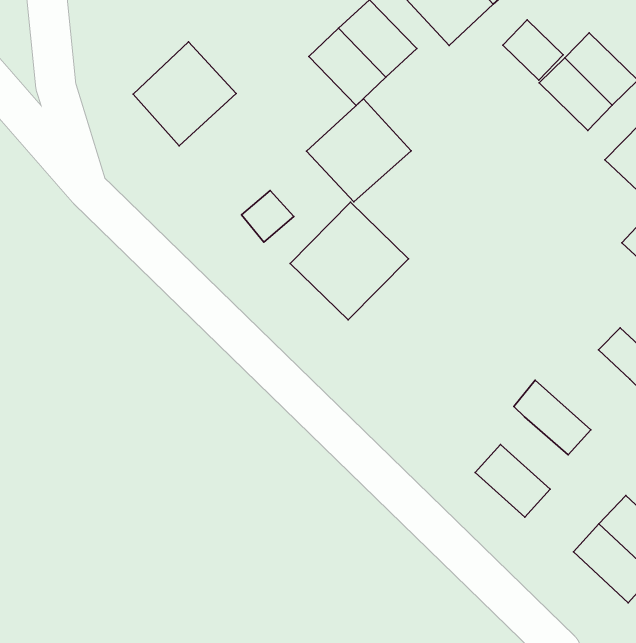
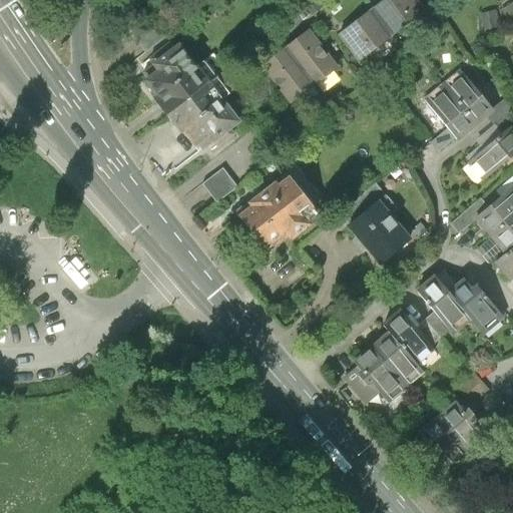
building: [503,20,563,80] -> none
building: [307,99,411,202] -> [166,83,240,155]
building: none -> [349,199,412,264]
building: none -> [416,274,469,330]
building: none -> [373,333,425,386]

